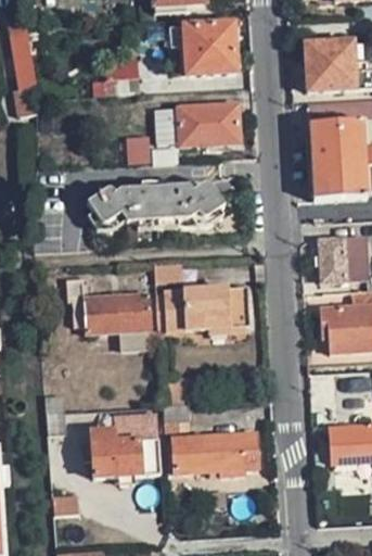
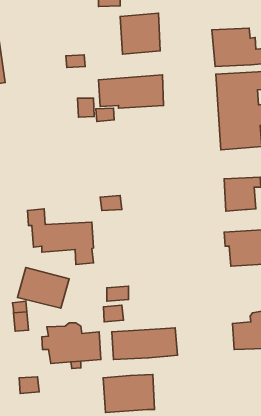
building: [86,184,214,226] -> none
building: [155,288,248,329] -> none
building: none -> [18,267,69,308]
building: none -> [103,375,155,413]

